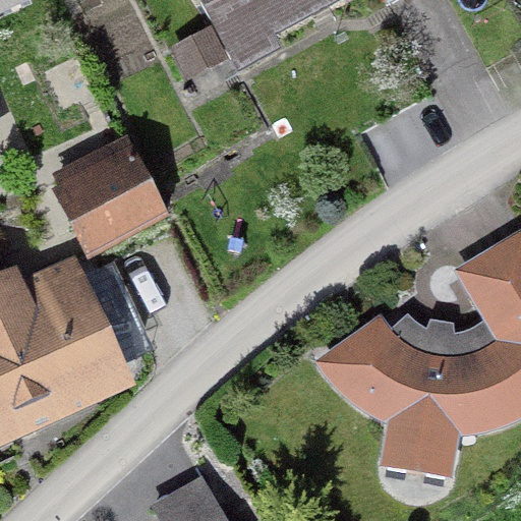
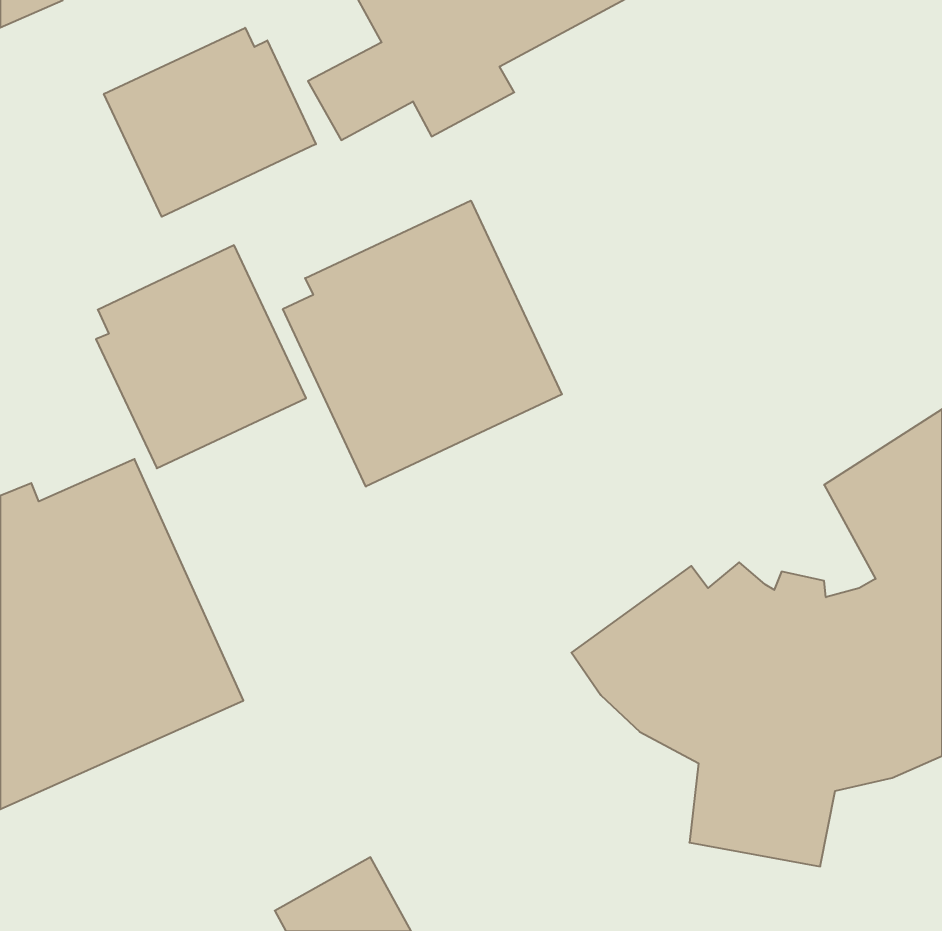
building: none -> [104,28,316,217]
building: none -> [283,201,562,487]

